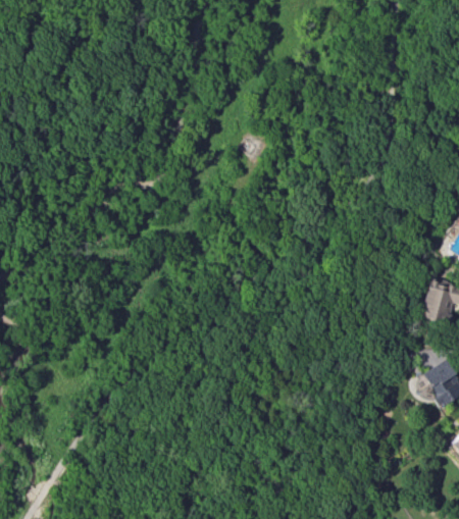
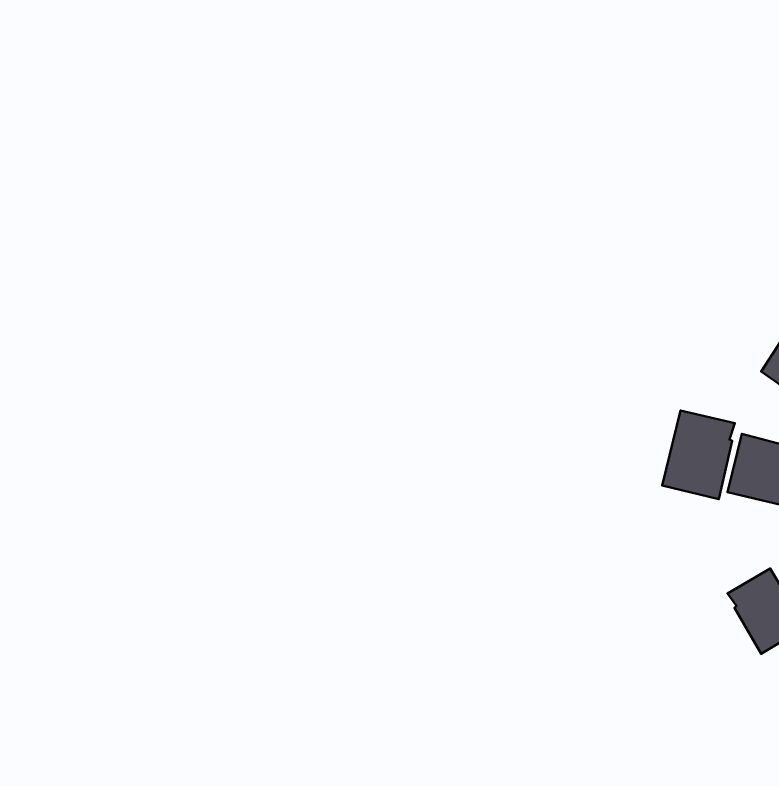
building: none -> [662,411,735,499]

